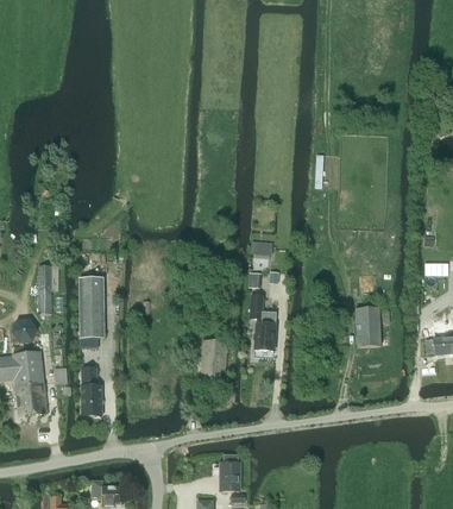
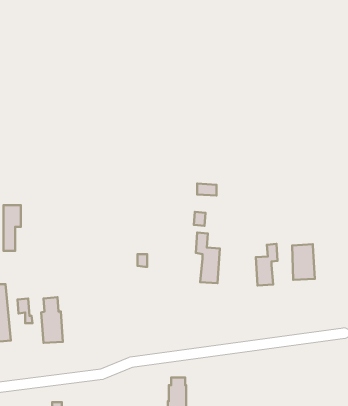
building: [78,277,105,339] -> none
building: none -> [256,244,277,286]
building: [201,341,226,382] -> none

